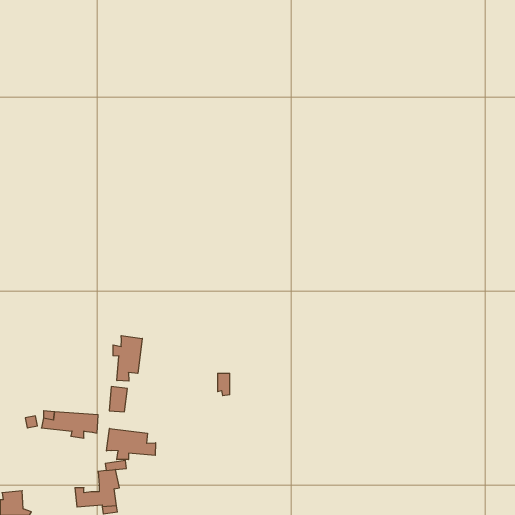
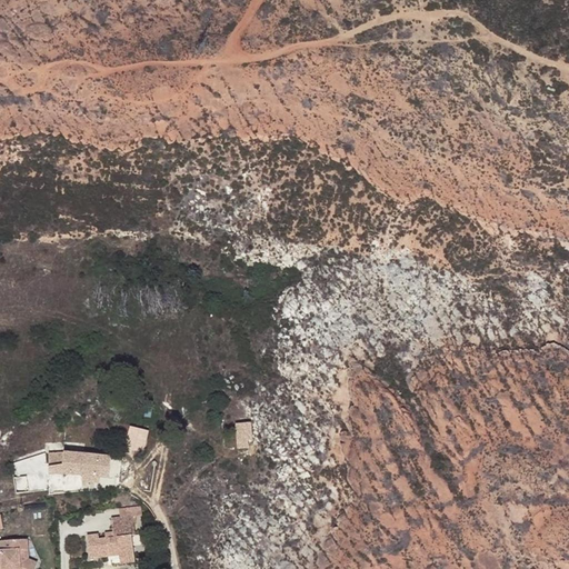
building: [113,336,142,381] -> none
building: [107,428,156,460] -> none

